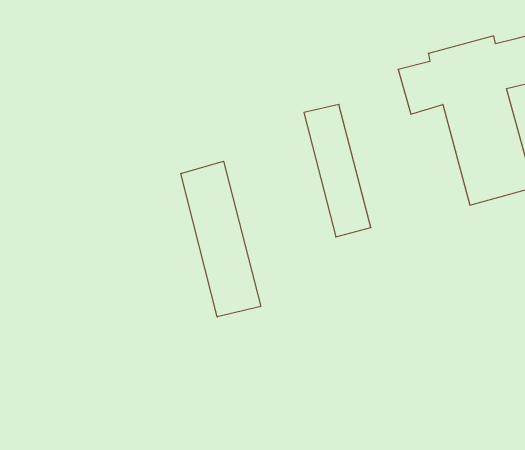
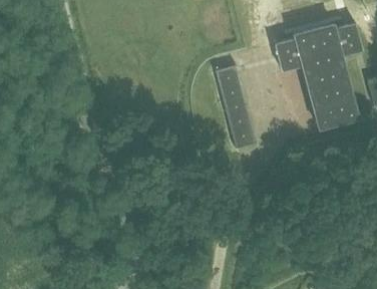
building: [181,161,261,317] -> none

